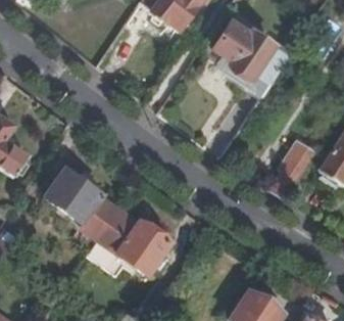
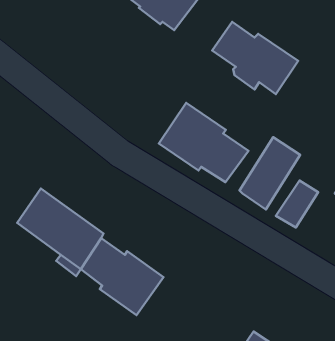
building: none -> [159,103,248,182]
building: none -> [240,137,300,210]

